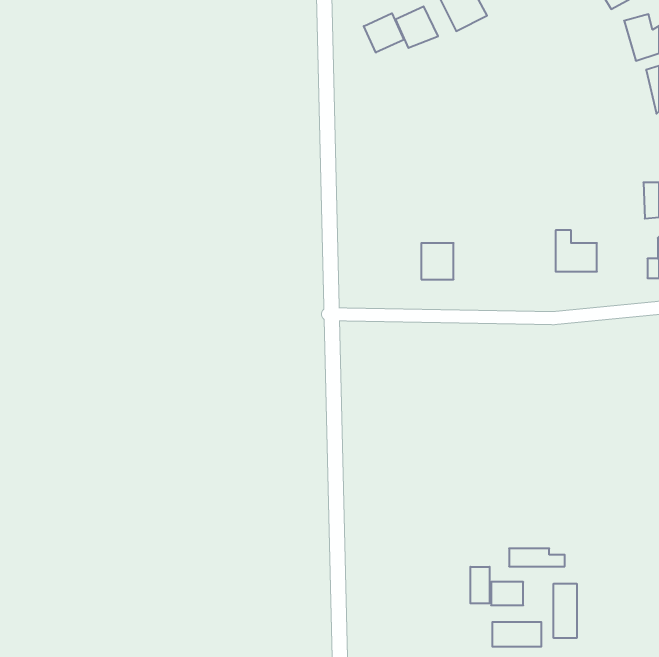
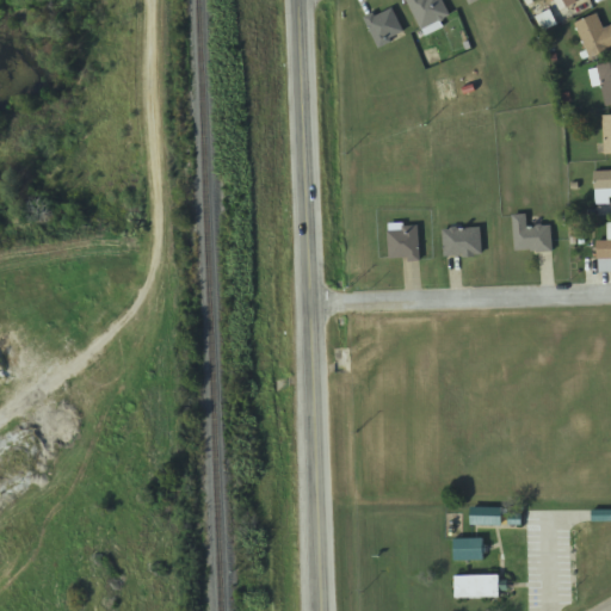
building: [364,13,404,53] -> none
building: none -> [444,227,481,254]
building: [470,567,490,603] -> none
building: [554,584,577,638] -> none

